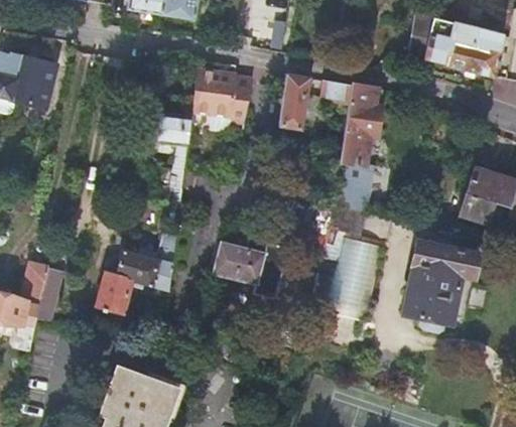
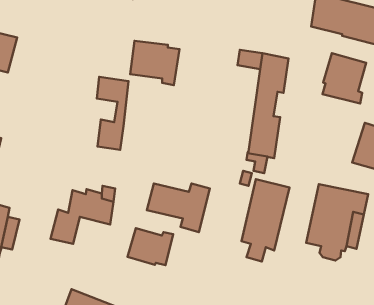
building: [278,74,310,131] -> none
building: none -> [323,53,366,103]
building: none -> [128,228,173,265]

